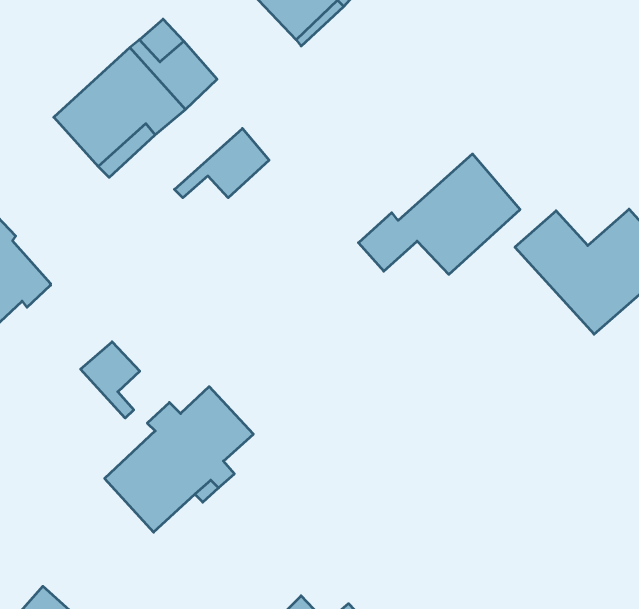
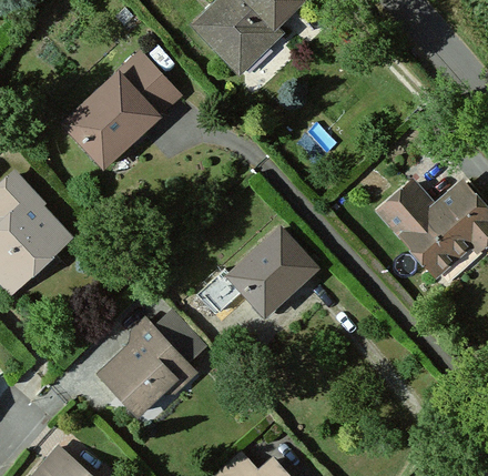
building: [174,128,269,198] -> none
building: [358,154,520,274] -> [201,229,314,313]
building: [81,342,140,418] -> none

